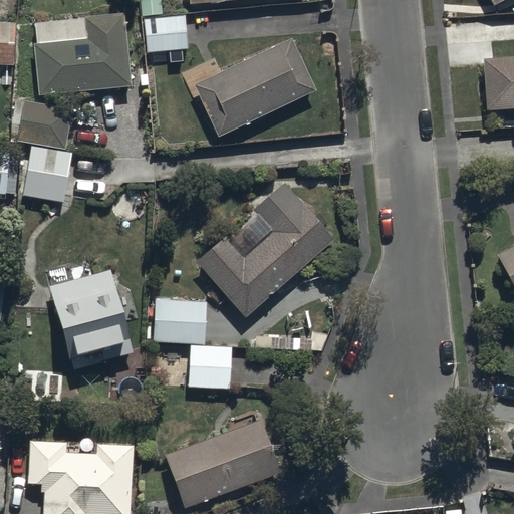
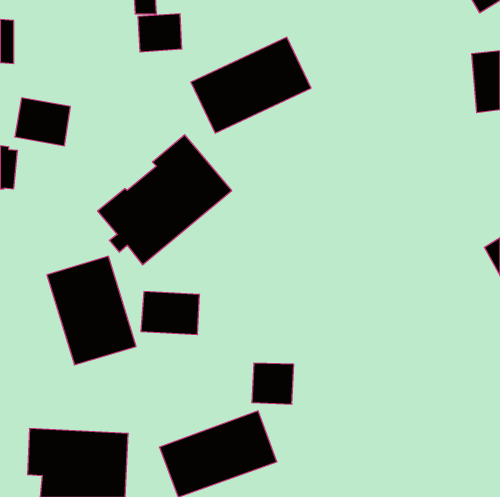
building: [30,14,135,99] -> none
building: [20,146,70,202] -> none
building: [196,183,333,316] -> [98,135,232,265]
building: [187,345,230,388] -> [252,363,294,404]

